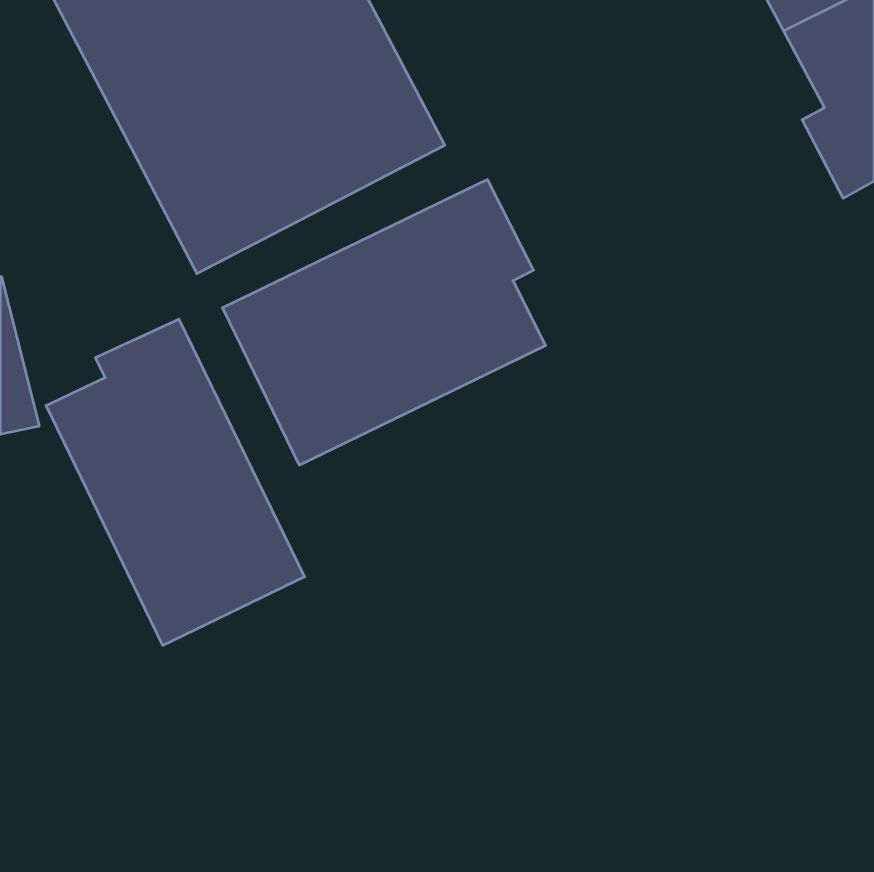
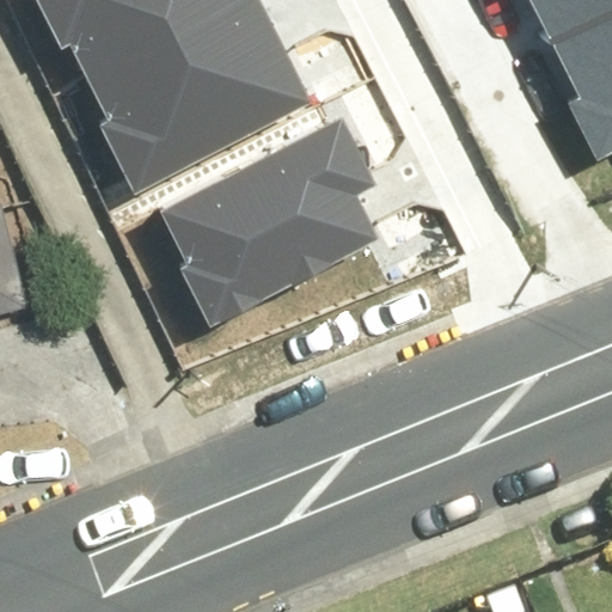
building: [46,319,305,645] -> none

